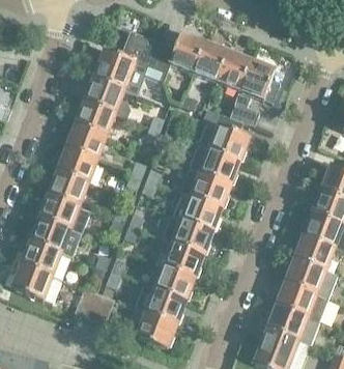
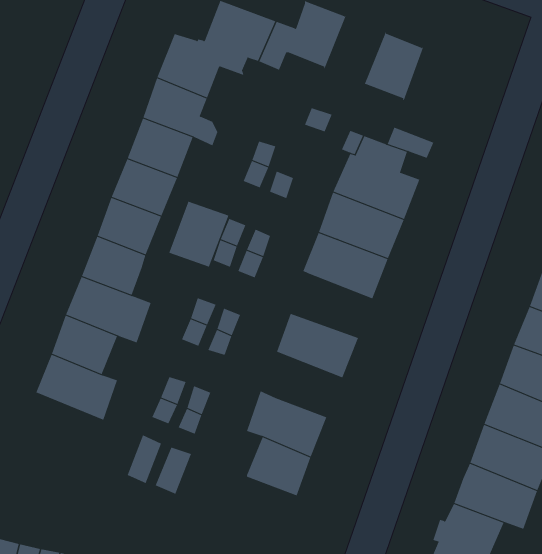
building: [193,41,228,82] -> none
building: [239,60,276,101] -> none
building: none -> [168,201,229,268]
building: [172,193,221,231] -> none
building: [160,239,203,278] -> none
building: [12,263,62,304] -> none
building: [131,308,176,347] -> none

